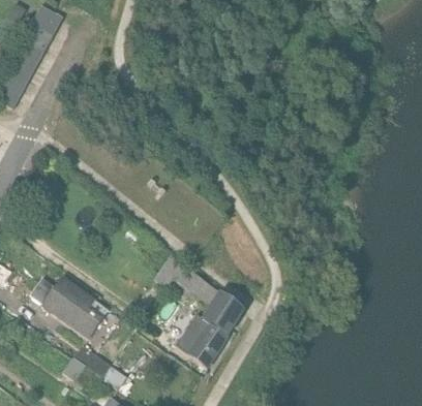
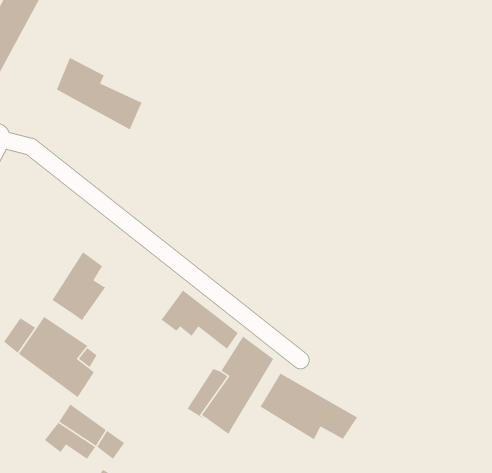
building: none -> [56,57,143,131]
building: none -> [51,251,106,321]
building: none -> [259,373,358,441]

